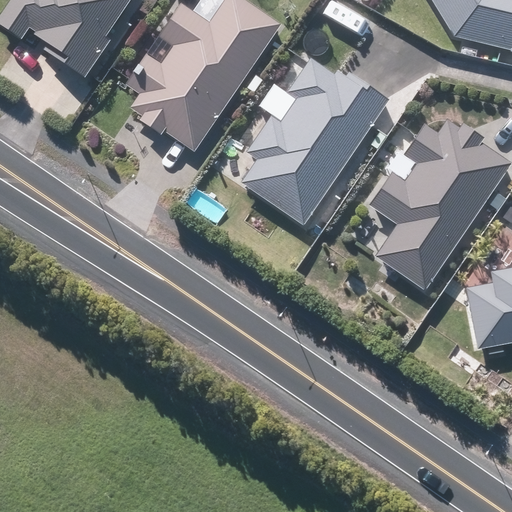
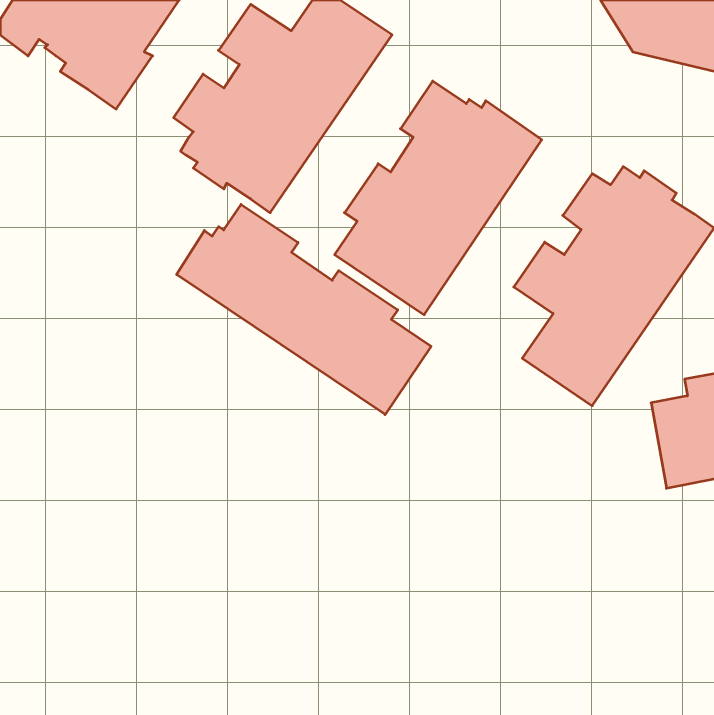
building: none -> [177,204,431,415]

